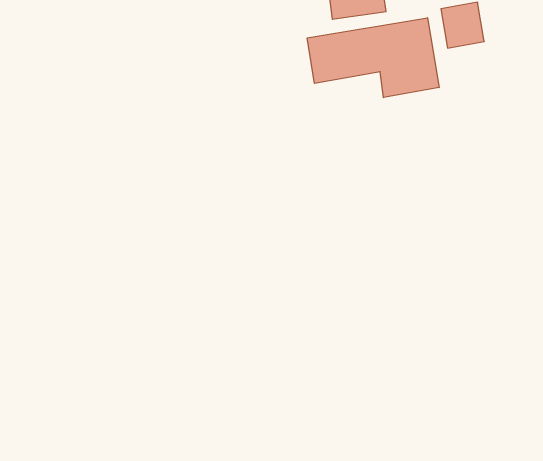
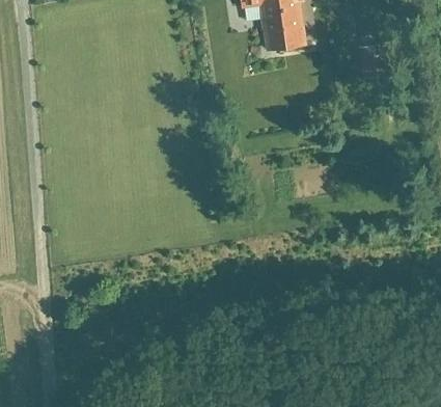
building: [307,18,439,98] -> none

